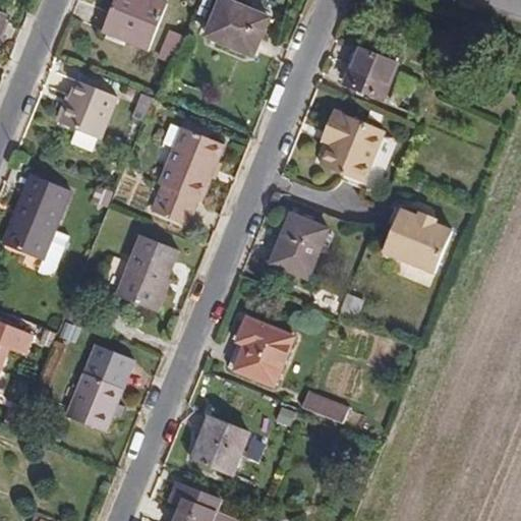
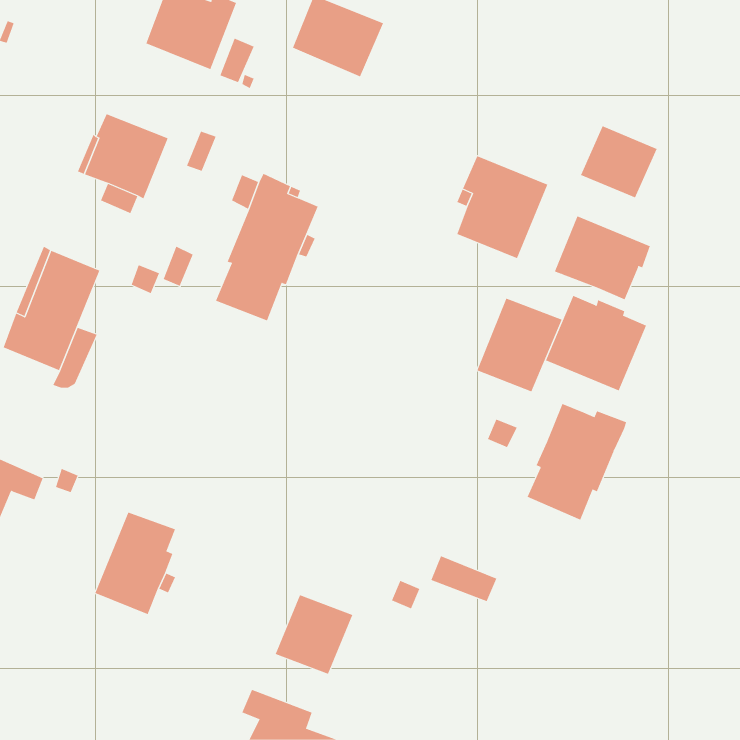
building: [343,47,397,98] -> [580,126,657,198]
building: none -> [554,215,651,300]
building: [269,212,329,278] -> [477,298,562,392]
building: [116,233,178,309] -> none
building: none -> [527,403,627,521]
building: [227,316,293,384] -> none

